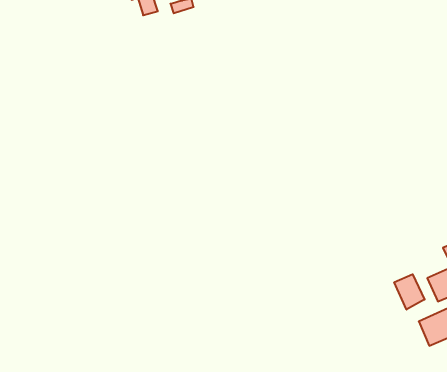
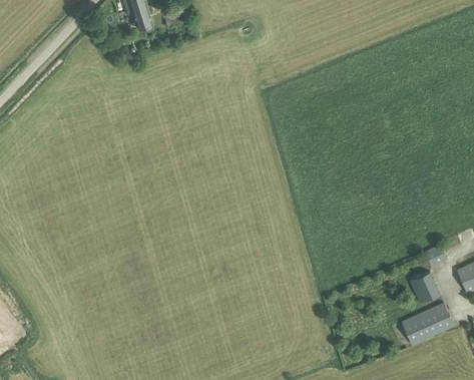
building: [394,274,425,310] -> none

